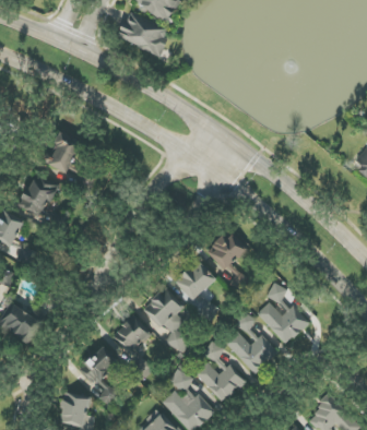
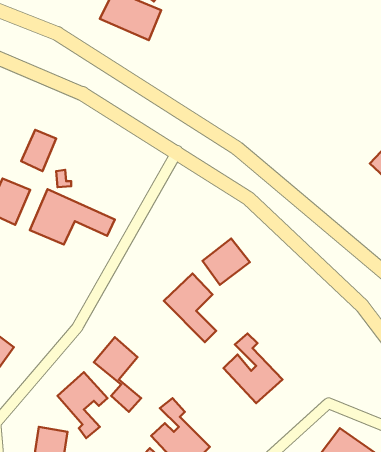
building: none -> [30,189,115,245]
building: [257,283,308,345] -> none
building: [142,287,196,354] -> none
building: [196,342,244,402] -> none

